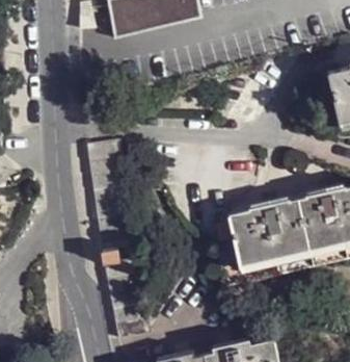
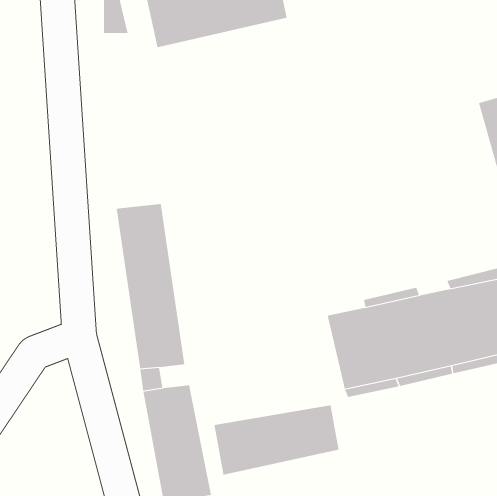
building: none -> [214,404,339,476]

